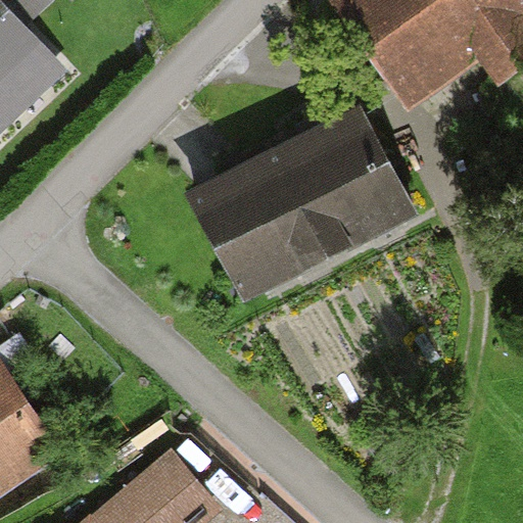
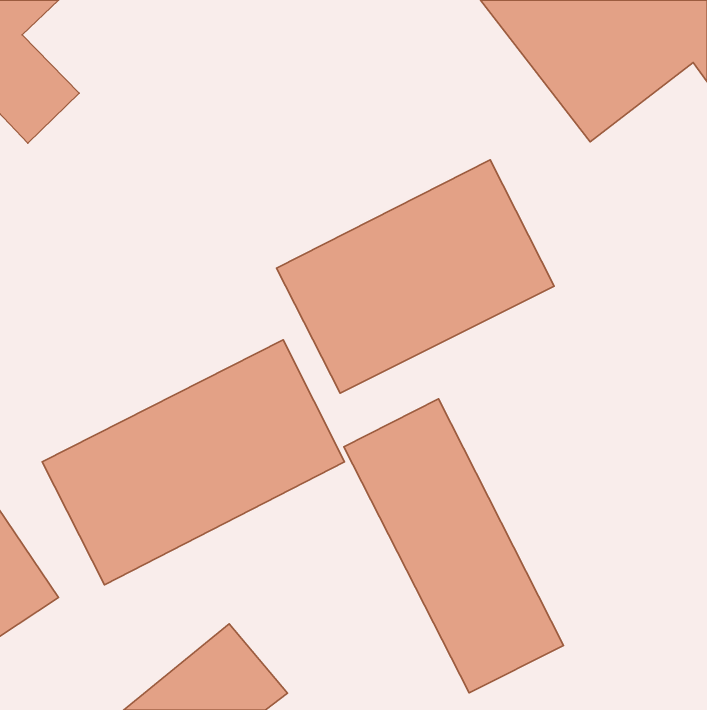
building: none -> [42,340,344,585]
building: none -> [344,399,563,693]

